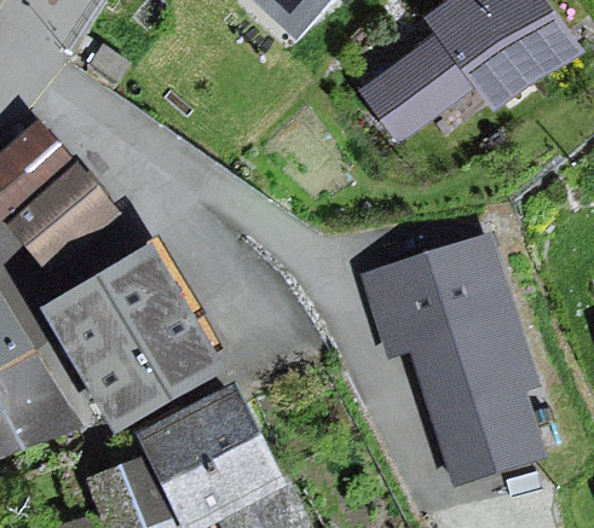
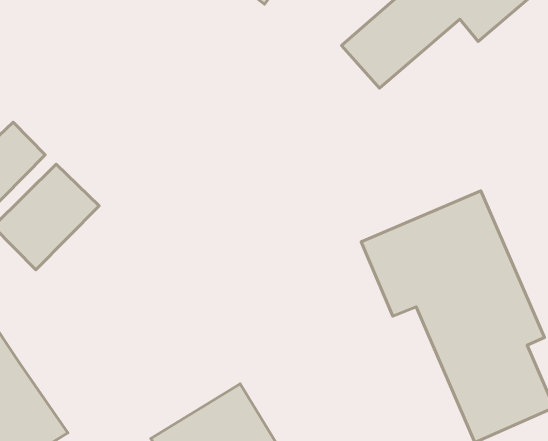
building: [53,253,212,420] -> none

